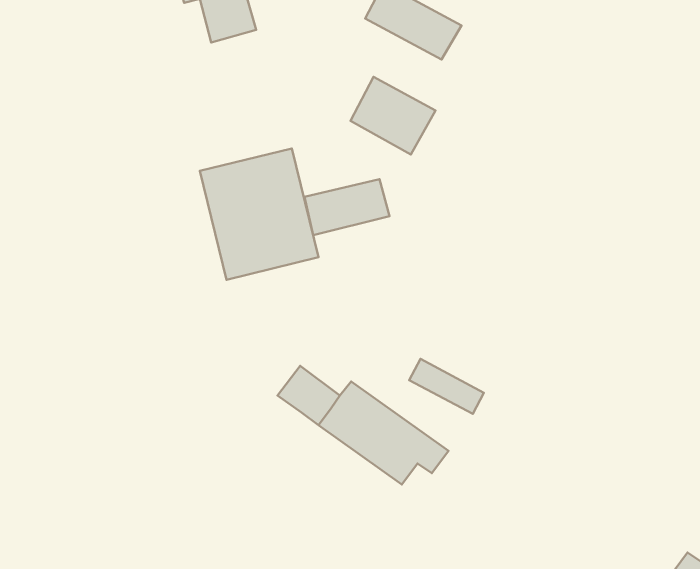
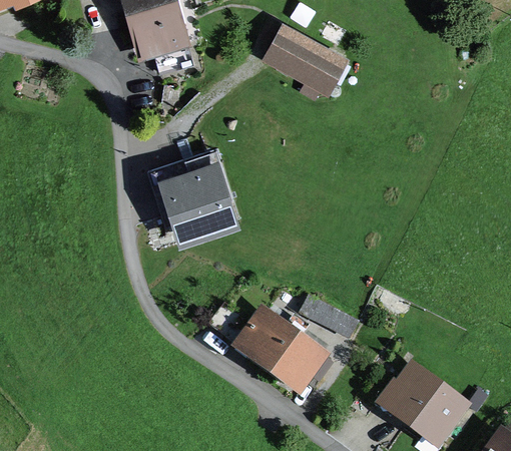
building: [351,77,435,155] -> none
building: [304,179,390,235] -> none
building: none -> [374,372,459,439]

